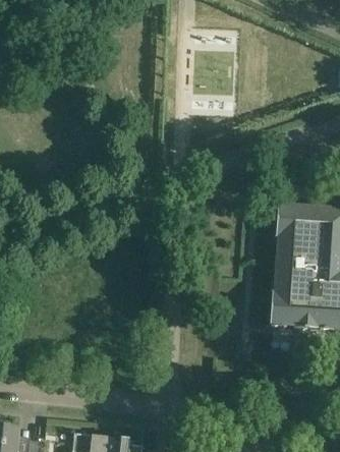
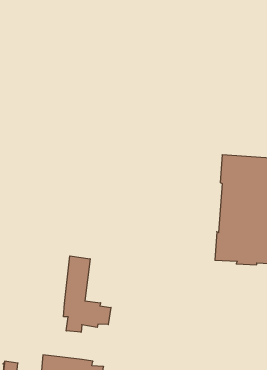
building: none -> [64,256,111,332]

